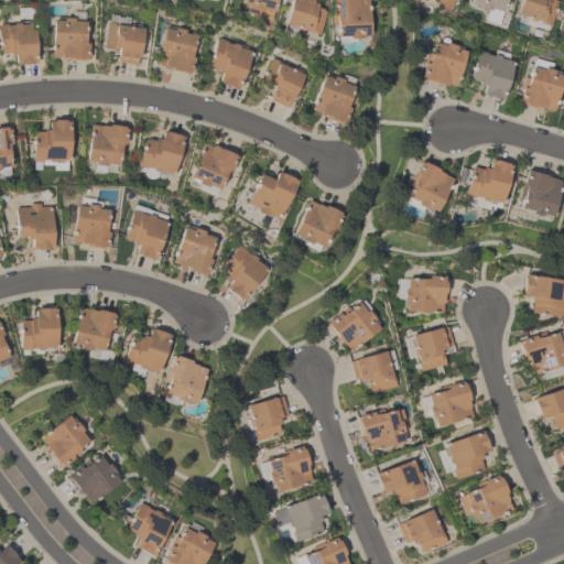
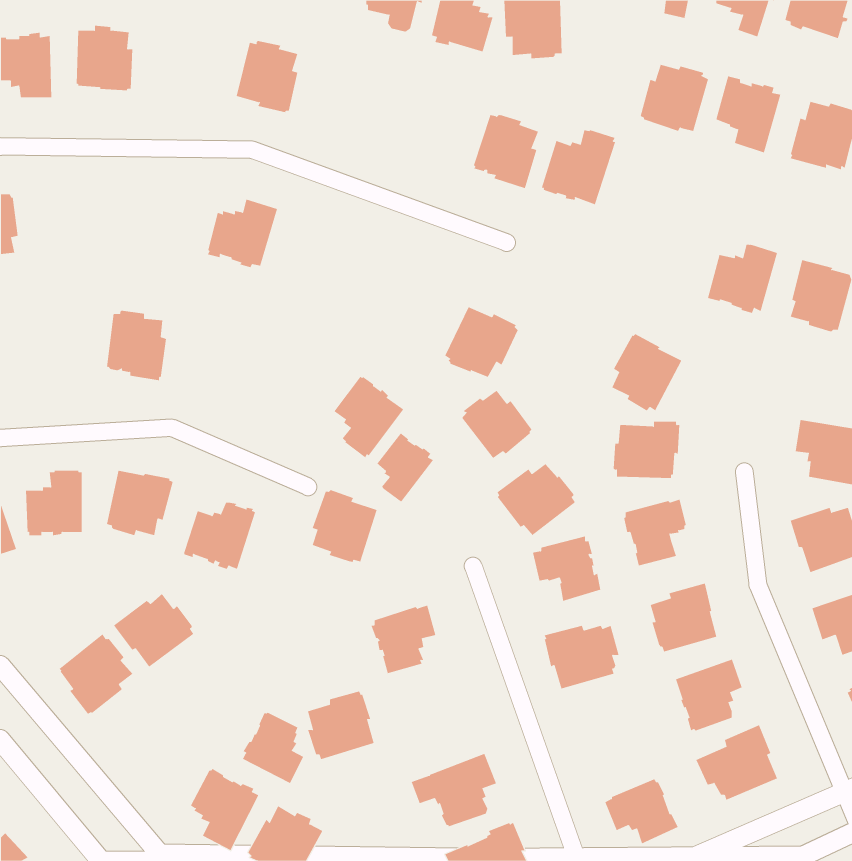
building: [108,21,148,64] -> none
building: [210,37,256,89] -> none
building: [263,57,308,107] -> none
building: none -> [541,129,616,205]
building: [36,119,74,162] -> none
building: [89,124,131,166] -> none
building: [193,143,240,189] -> none
building: [410,161,456,212] -> [612,334,682,411]
building: [249,172,300,218] -> none
building: [19,203,56,249] -> none
building: [128,209,171,259] -> none
building: [175,226,219,275] -> none
building: none -> [462,390,532,459]
building: none -> [376,432,434,502]
building: [166,356,209,403] -> [312,490,378,562]
building: [270,446,314,491] -> [307,691,375,760]
building: [70,455,123,503] -> [113,593,194,667]
building: [379,459,430,503] -> none
building: none -> [242,712,304,784]

